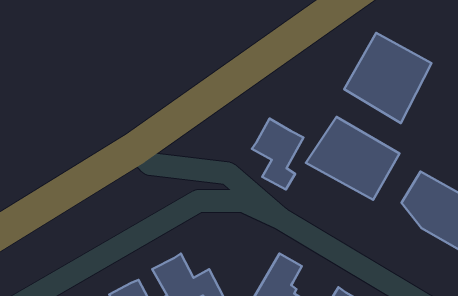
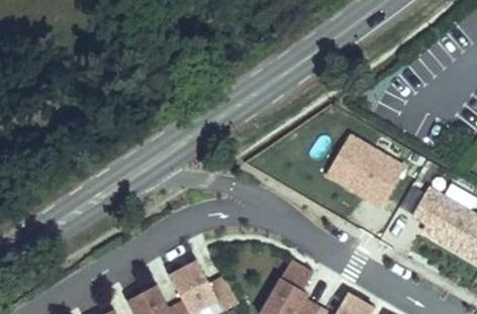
building: [344,33,431,123] -> none
building: [252,118,303,190] -> none

